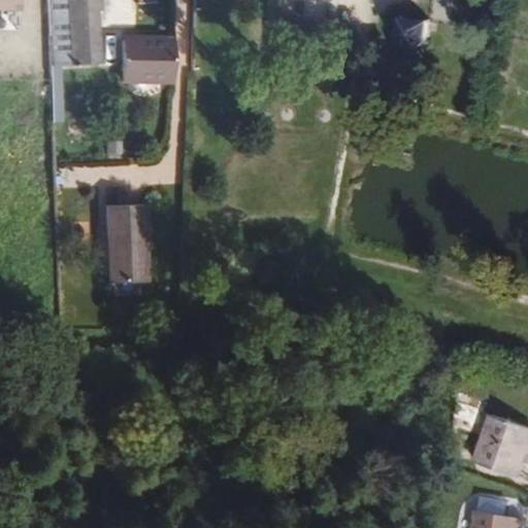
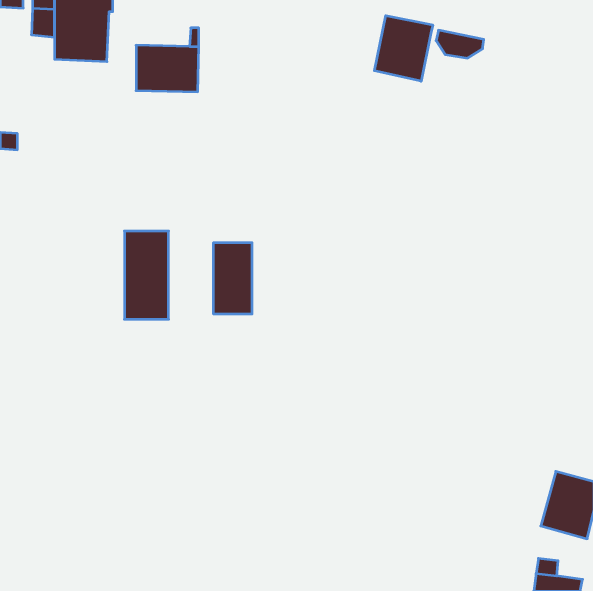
building: none -> [374,16,433,81]
building: none -> [214,243,252,314]

